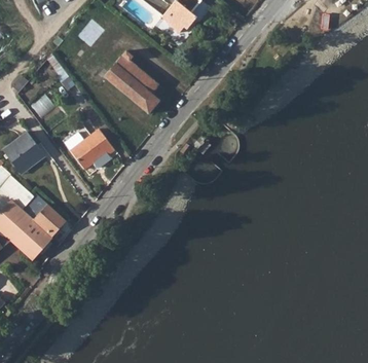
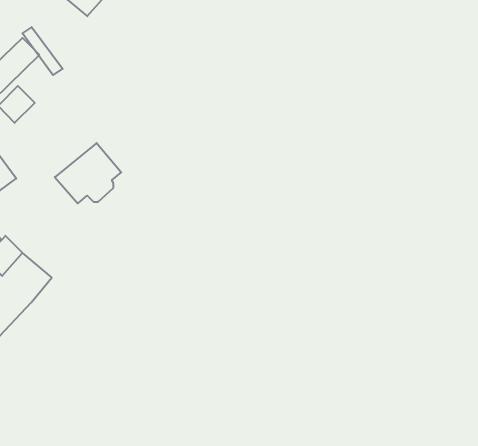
building: [104,50,158,112] -> none

